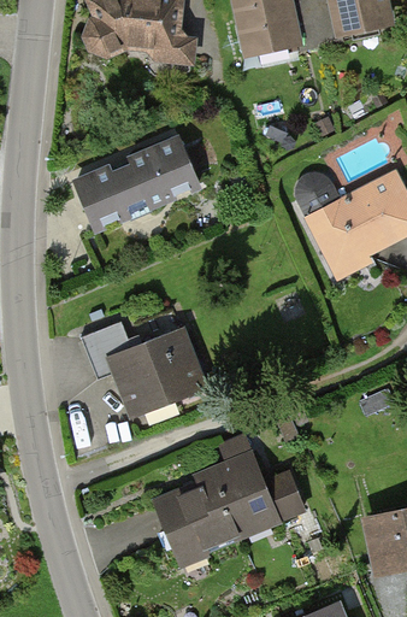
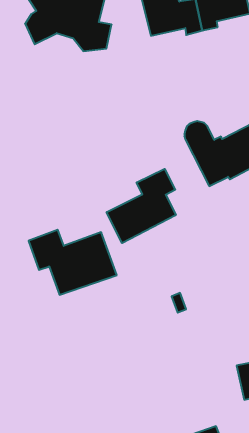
building: [71,137,201,233] -> none
building: none -> [107,169,176,243]
building: [159,453,307,550] -> none

